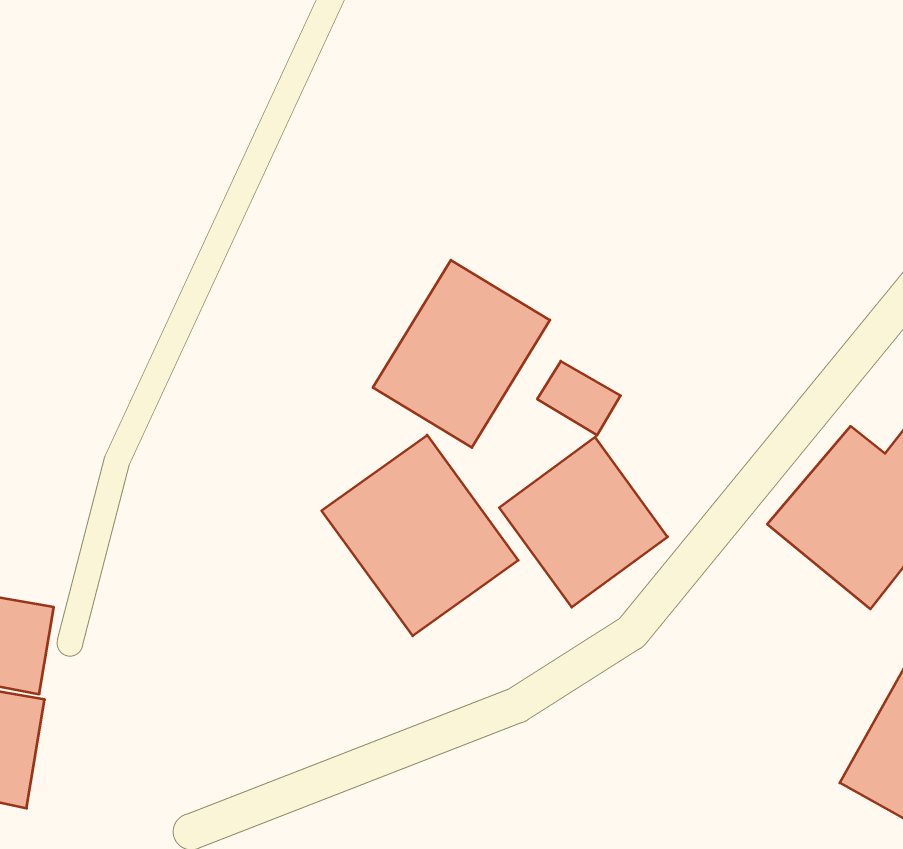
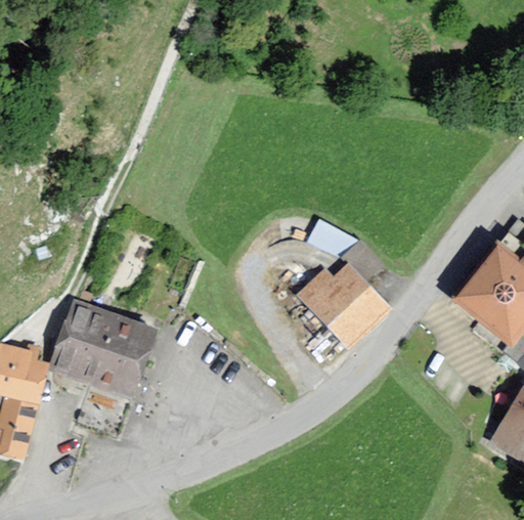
building: [373,260,550,448] -> none
building: [322,435,518,636] -> none
building: none -> [47,294,161,401]

